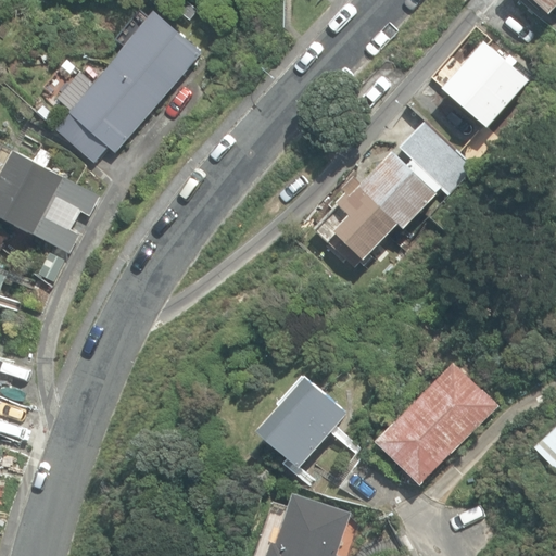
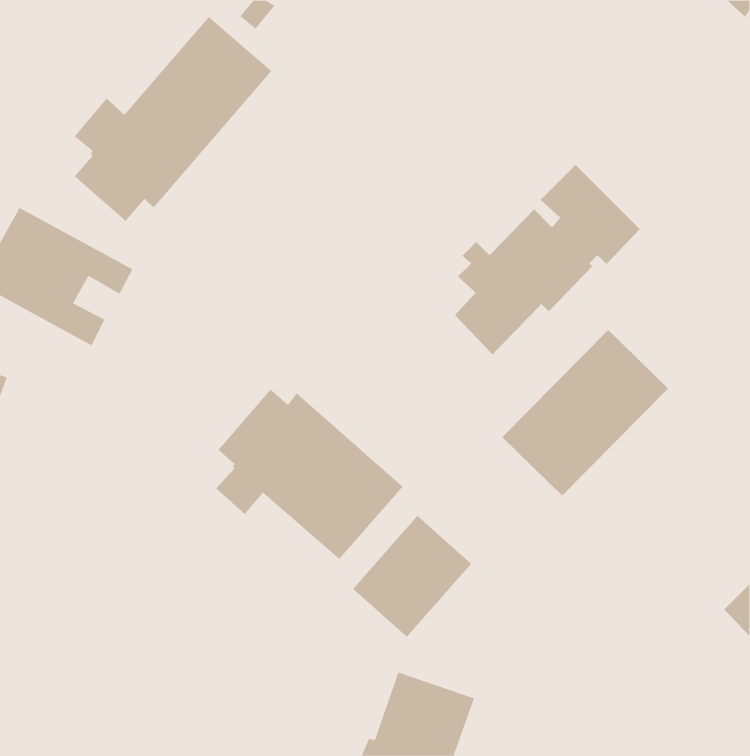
building: [442,41,529,128] -> none
building: none -> [216,389,404,560]
building: [374,363,496,485] -> [502,329,669,496]

